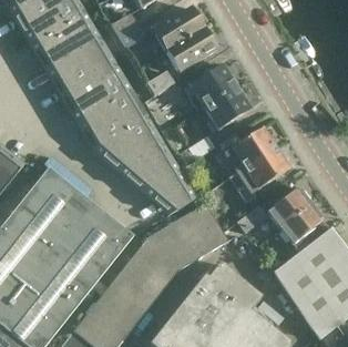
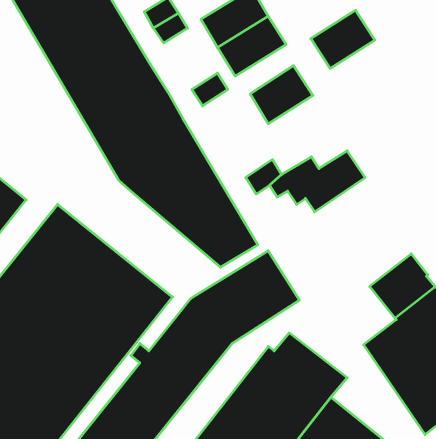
building: [203,88,250,131] -> [311,10,375,68]
building: [236,149,288,198] -> none
building: [235,188,309,234] -> none

